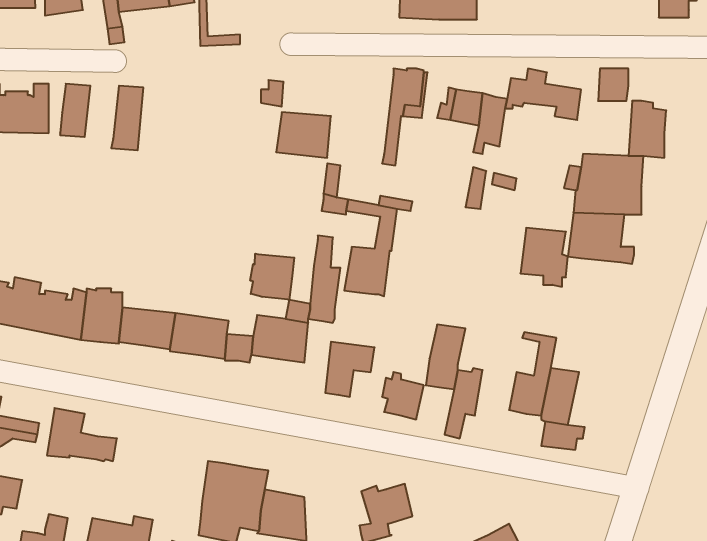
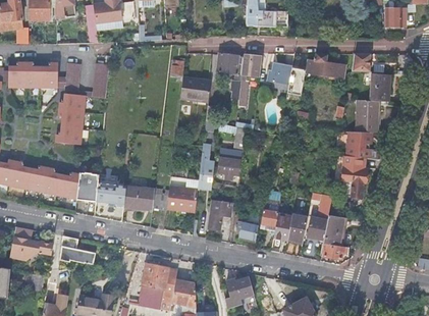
building: none -> [217,52,244,99]
building: none -> [55,93,86,144]
building: [520,228,568,287] -> [341,155,367,187]
building: [250,254,294,300] -> none
building: none -> [287,213,308,242]

